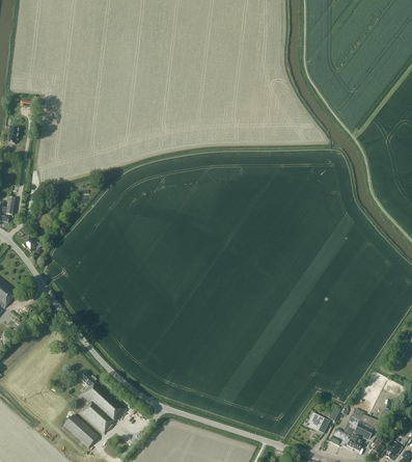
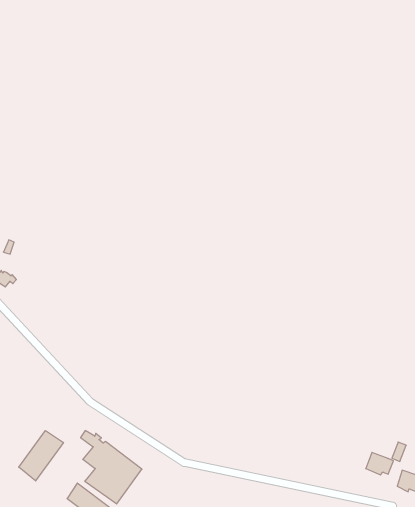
building: none -> [19,431,63,481]

